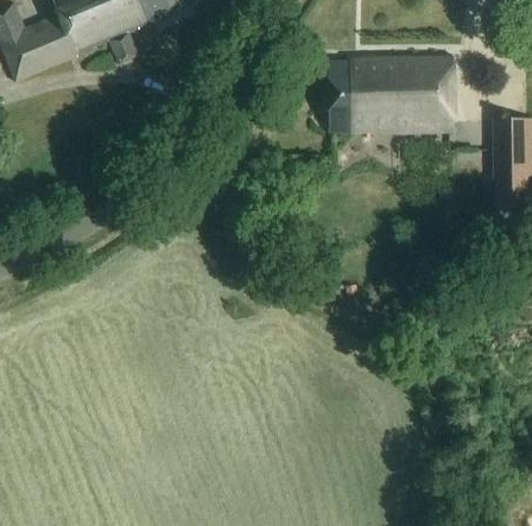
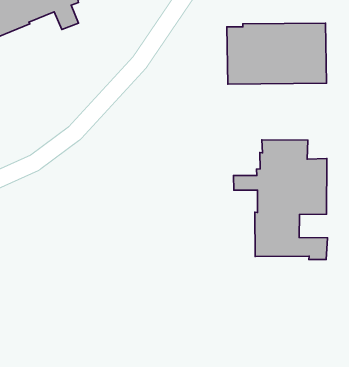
building: none -> [233,140,328,260]

